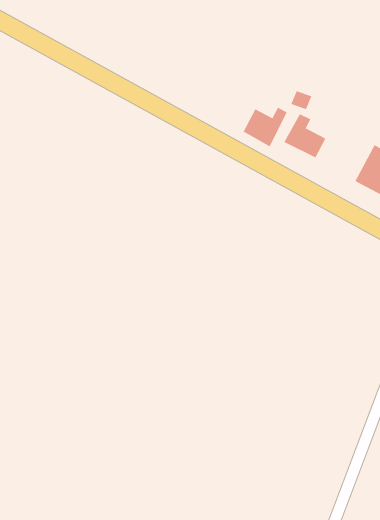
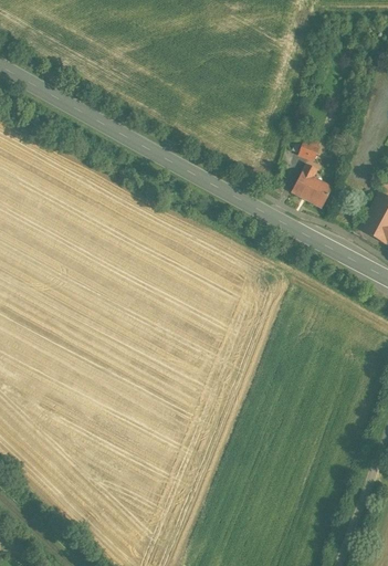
building: [243,107,288,147] -> none

